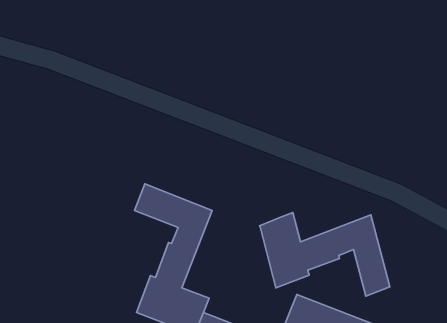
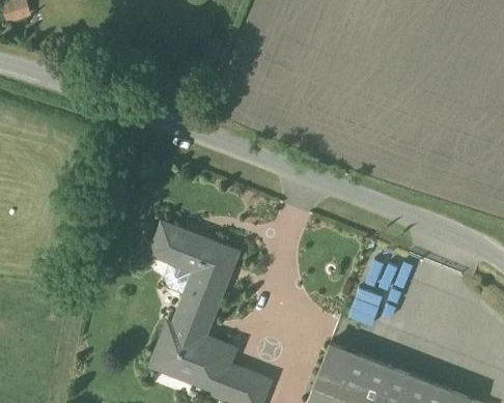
building: [259,212,390,296] -> none

